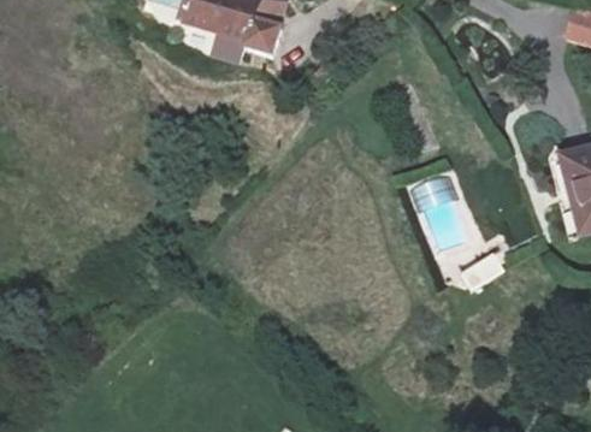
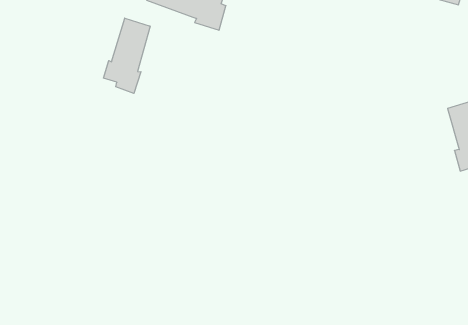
building: none -> [103,18,150,93]

